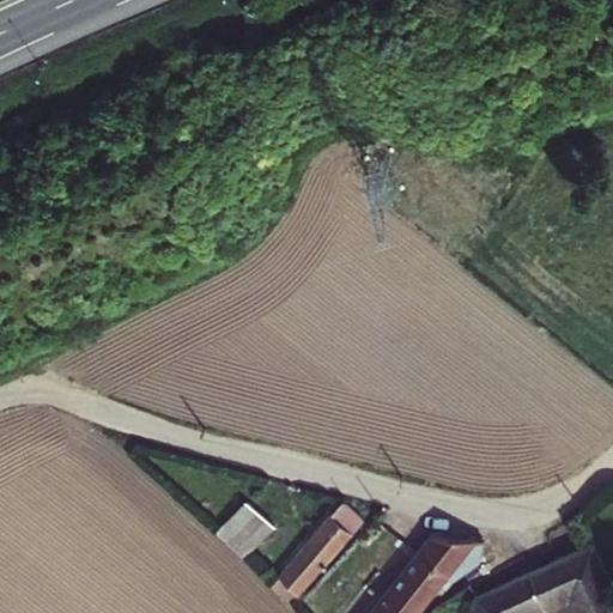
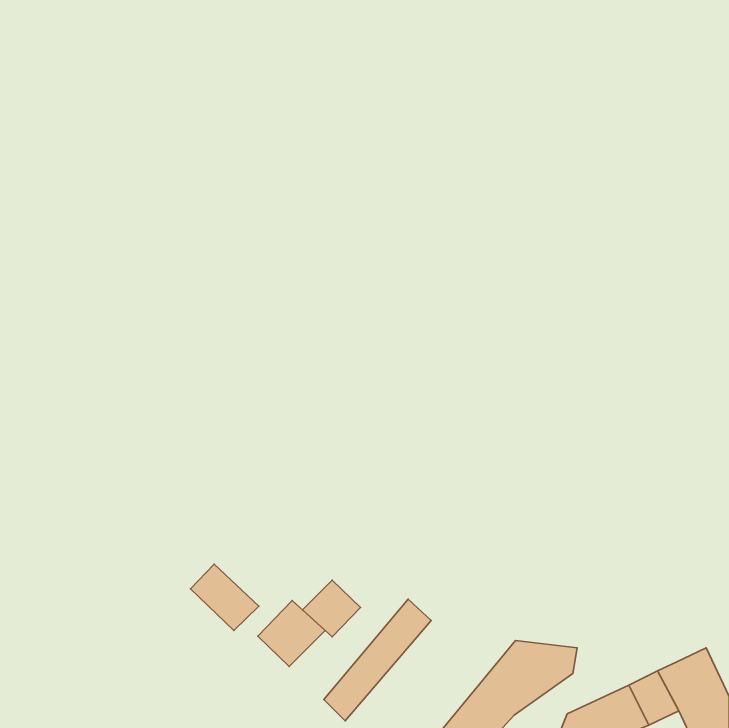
building: none -> [190,564,259,630]
building: none -> [302,580,361,637]

